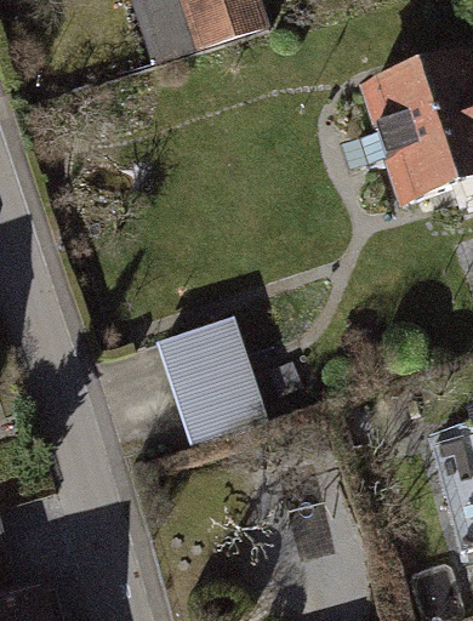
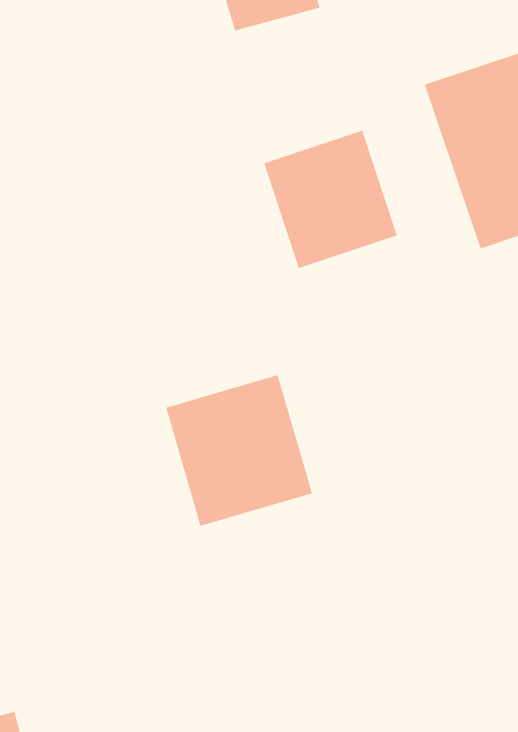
building: none -> [264,130,398,269]

